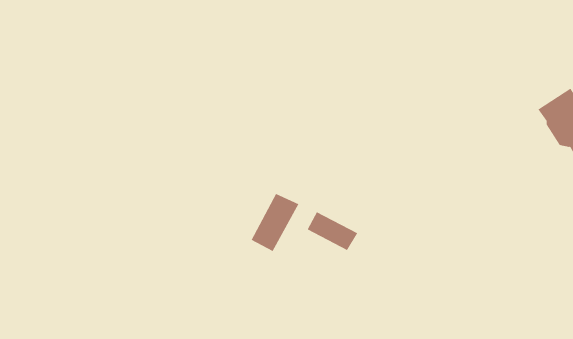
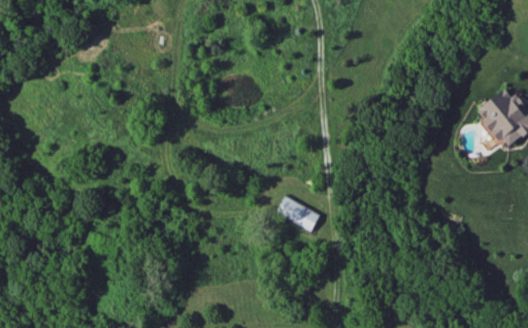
building: [251,193,299,252] -> none

